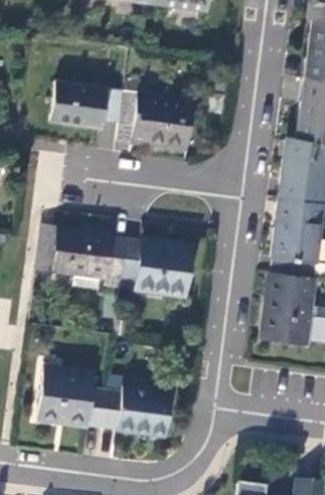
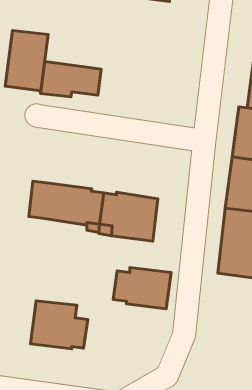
building: none -> [5,30,48,91]
building: [118,92,194,149] -> none
building: [103,386,172,436] -> [113,268,171,309]

